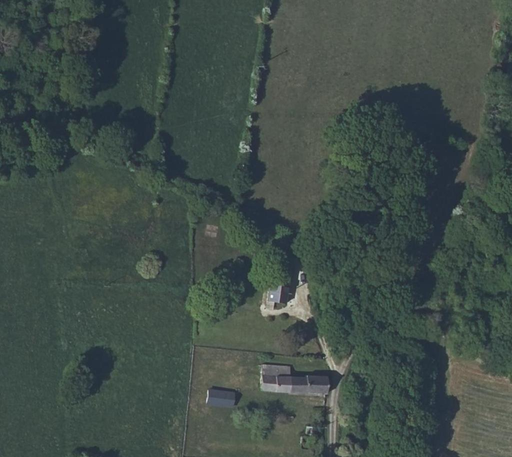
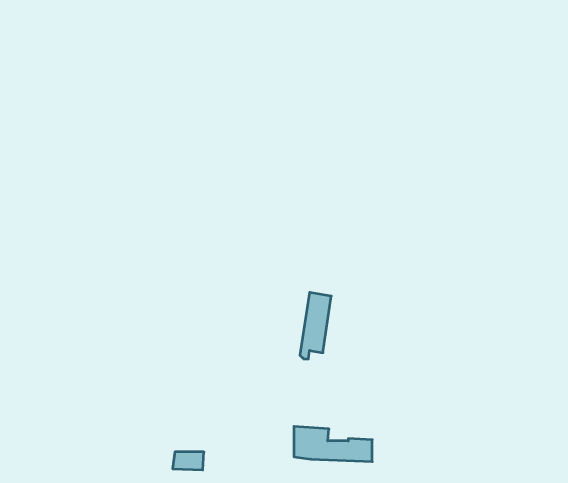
building: [208,392,234,407] -> [173,452,204,470]

